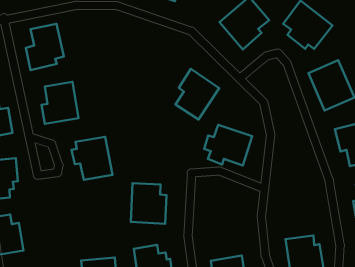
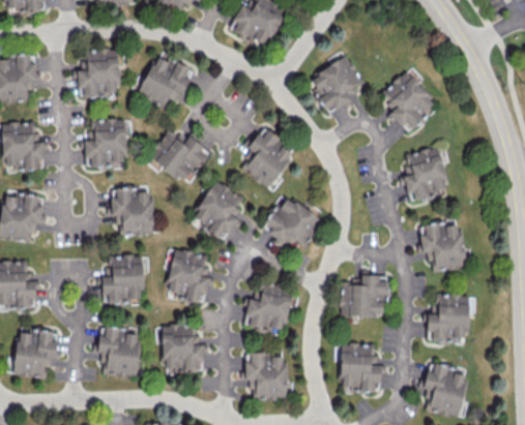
building: none -> [139,56,191,111]
building: none -> [148,128,206,184]
building: none -> [192,181,247,239]
building: none -> [340,277,389,317]
building: none -> [101,255,143,305]
building: none -> [244,285,292,332]

